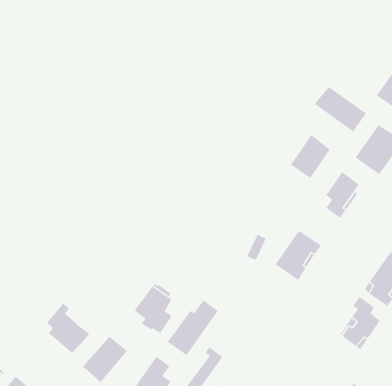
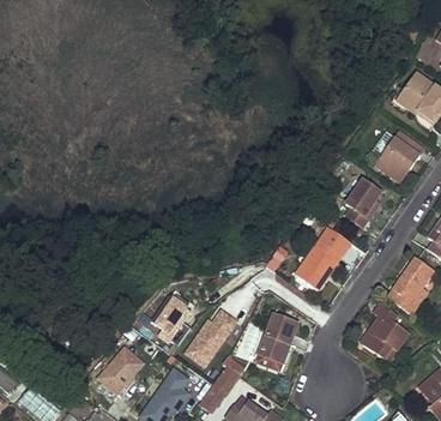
building: [314,86,367,132] -> none
building: [290,134,331,179] -> none
building: [47,303,90,354] -> none
building: none -> [255,313,298,368]

